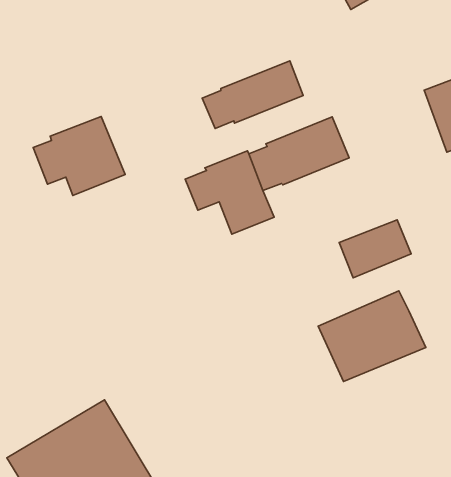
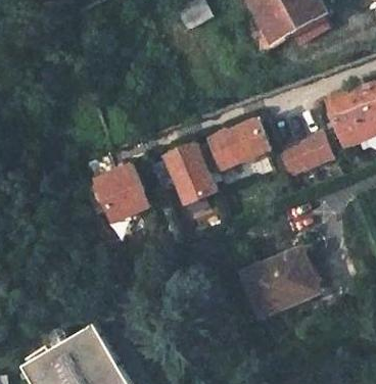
building: [202,61,303,129] -> none
building: [33,116,125,196] -> [83,164,149,222]
building: [339,220,411,278] -> [278,133,330,175]

